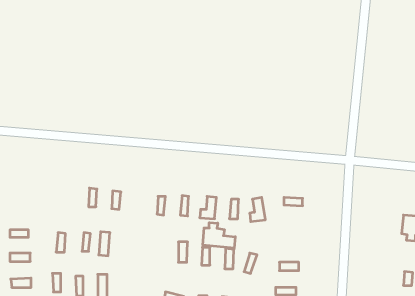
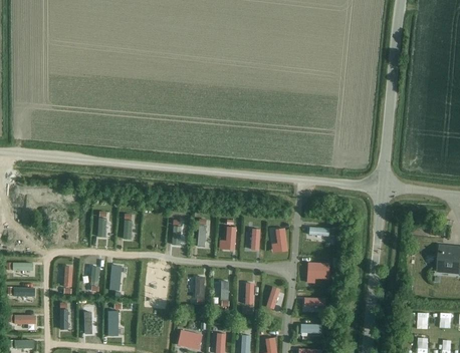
building: [203,223,235,248] -> none
building: none -> [307,262,330,283]

